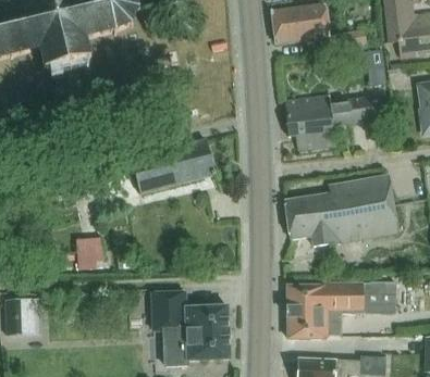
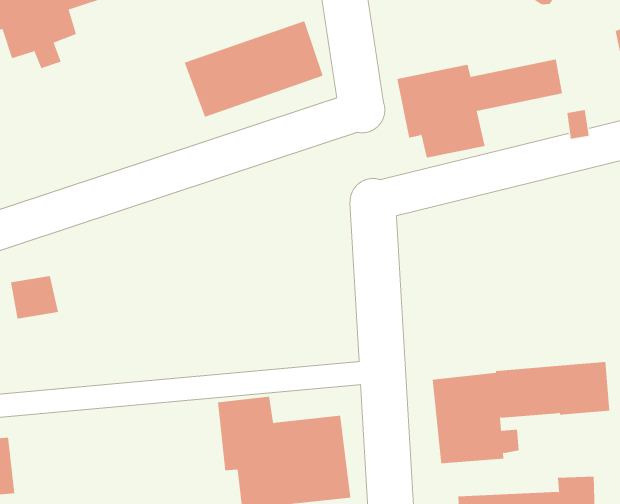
building: [131,139,216,193] -> [184,21,323,117]
building: [284,174,398,243] -> none
building: [76,236,105,261] -> [10,275,59,319]

